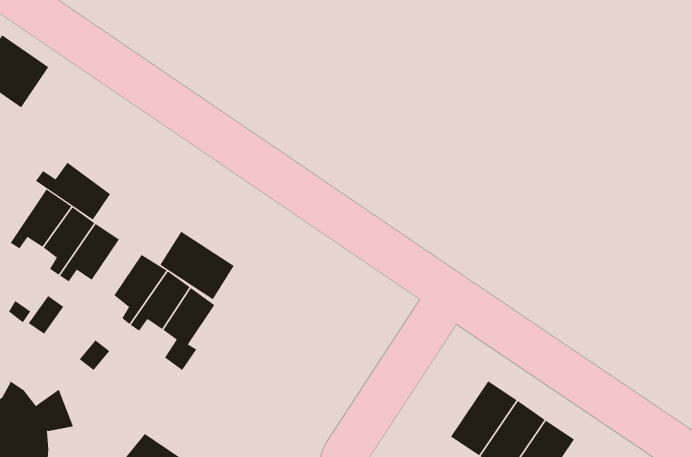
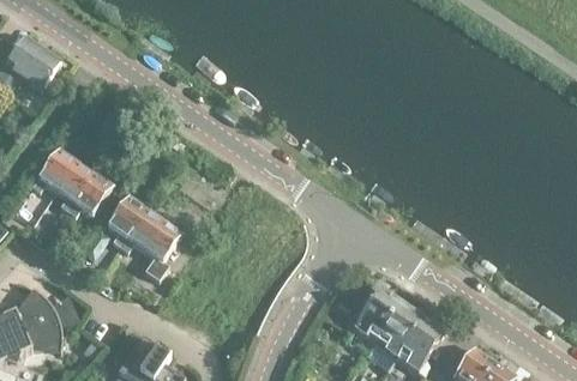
building: [35,162,111,221] -> none
building: [159,231,235,300] -> none

